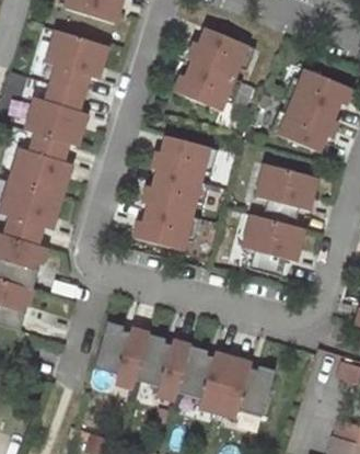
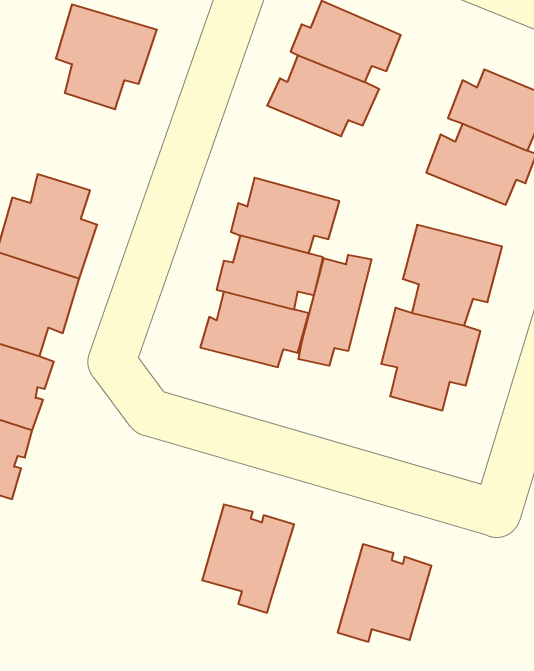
building: [25,83,86,146] -> none
building: none -> [298,255,372,366]
building: [93,321,148,387] -> none
building: [176,345,232,411] -> none

